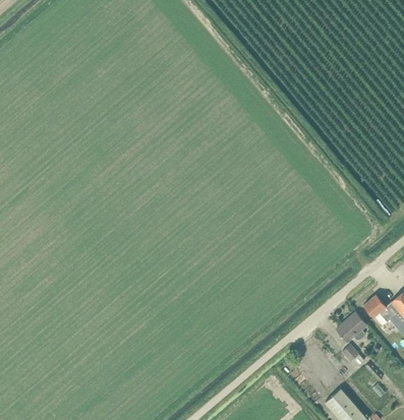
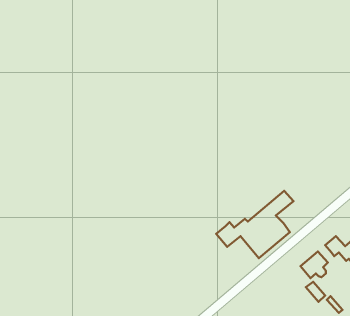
building: none -> [216,191,293,258]

